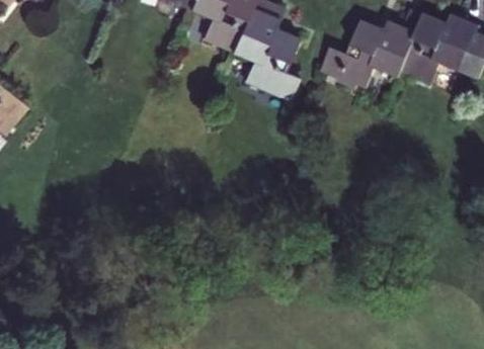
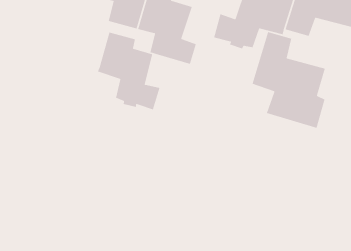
building: none -> [97,31,160,111]
building: none -> [251,31,326,129]

